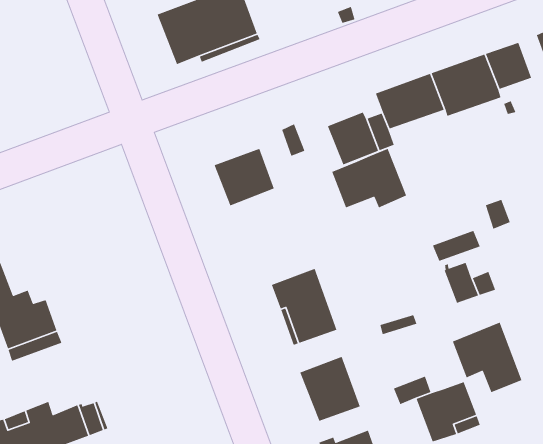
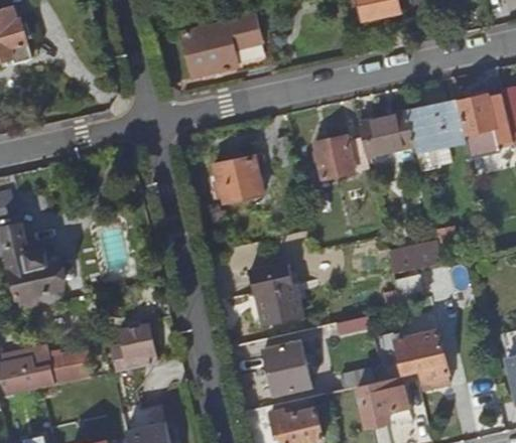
building: [331,148,407,209] -> none
building: none -> [113,324,157,372]

